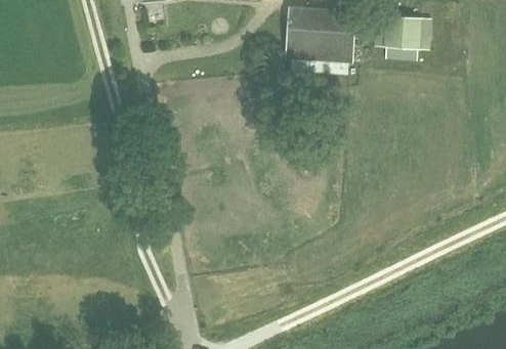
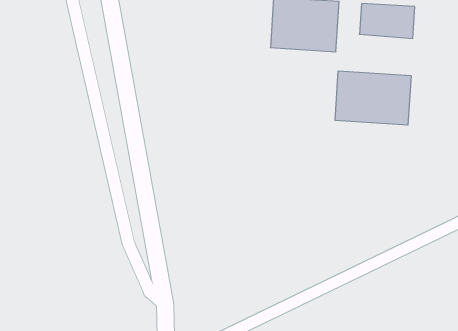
building: none -> [335,71,411,125]

